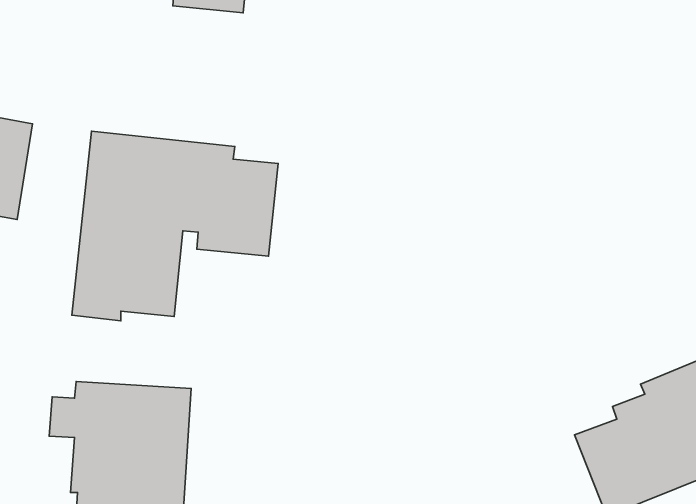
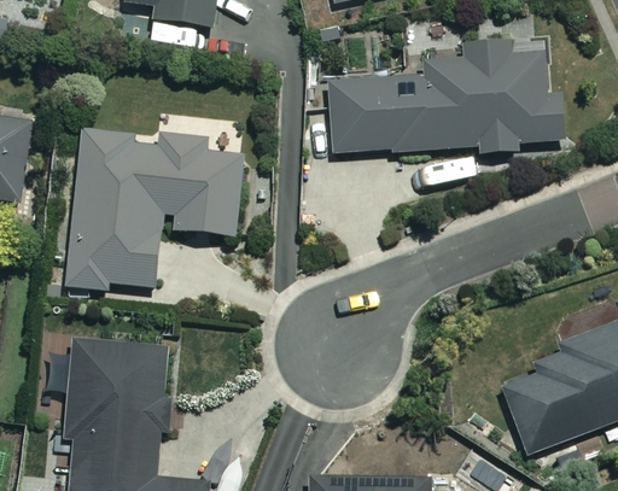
building: none -> [325,40,564,154]

